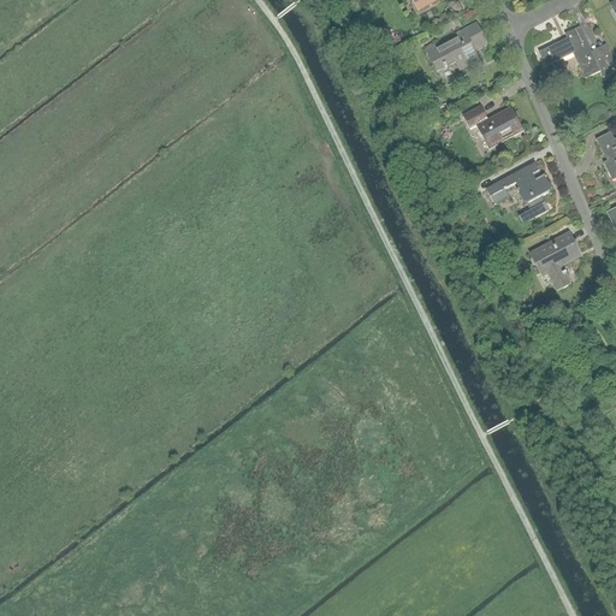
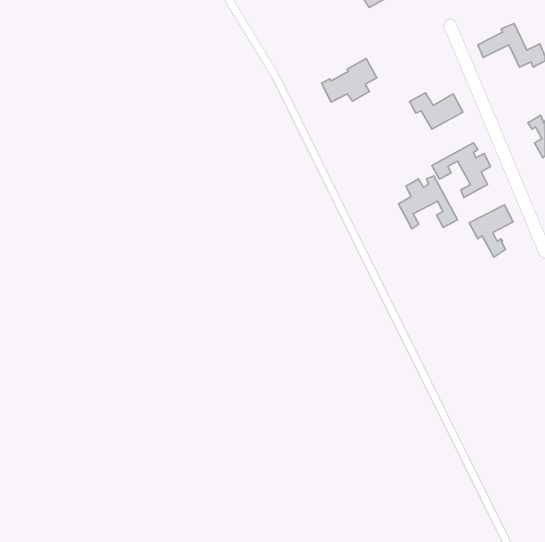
building: [425,20,487,70] -> [321,59,377,102]
building: none -> [398,176,457,229]

